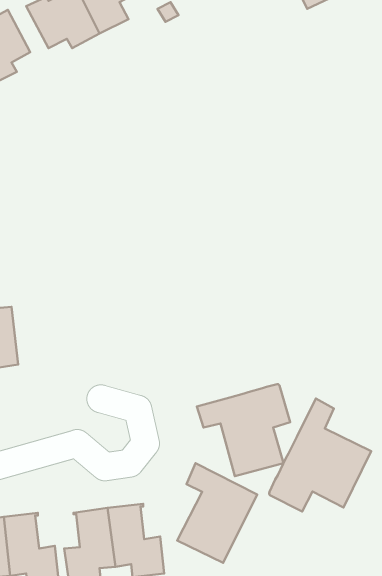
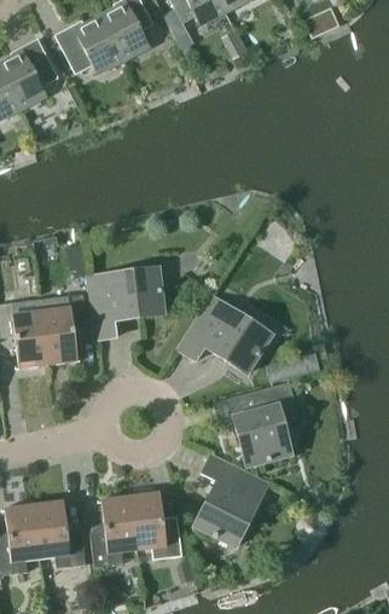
building: none -> [88,267,163,338]
building: none -> [41,294,87,364]
building: none -> [178,296,272,373]
building: [269,399,371,511] -> none

